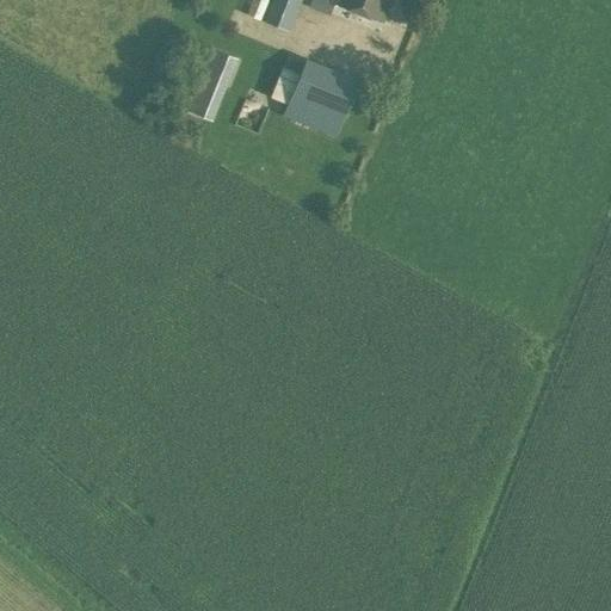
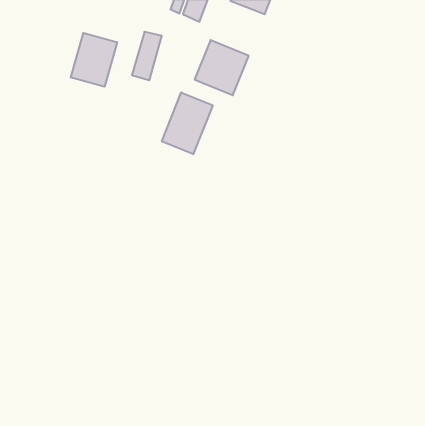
building: none -> [71,33,117,87]
building: none -> [162,92,213,154]

